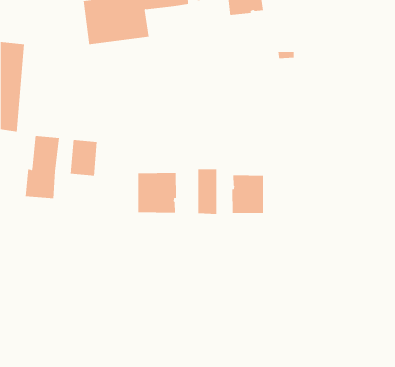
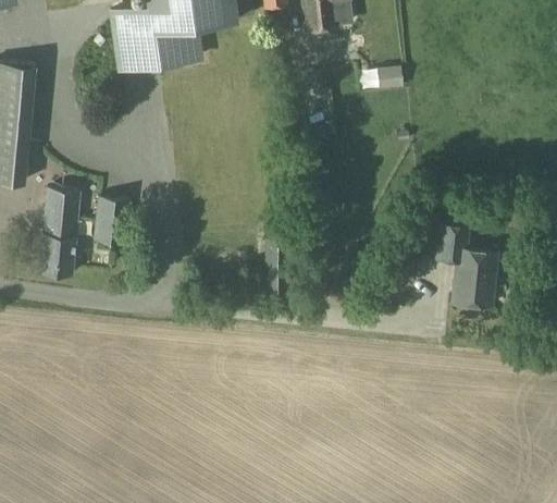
building: none -> [442,226,500,308]
building: [138,172,177,213] -> none
building: [232,175,264,214] -> none

